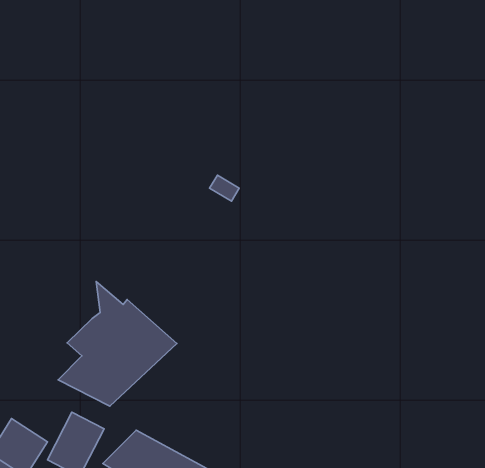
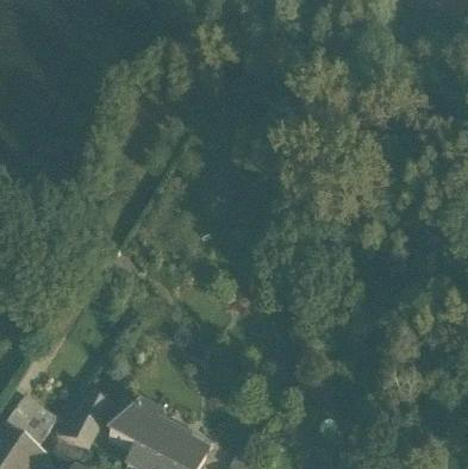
building: [58,282,177,406] -> none

